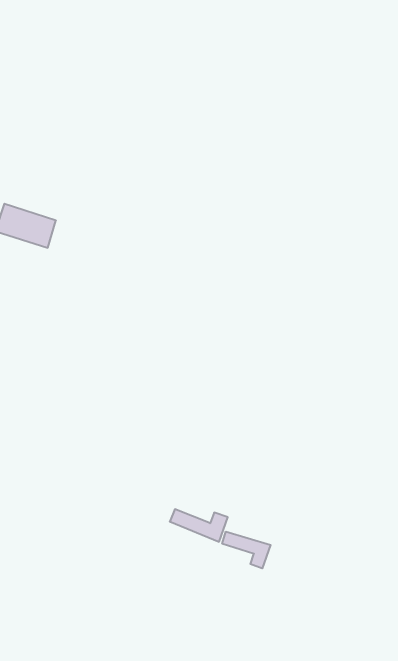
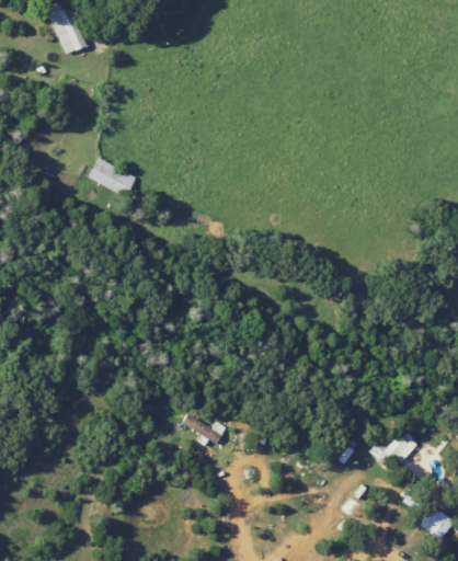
building: [222,532,271,568] -> none

